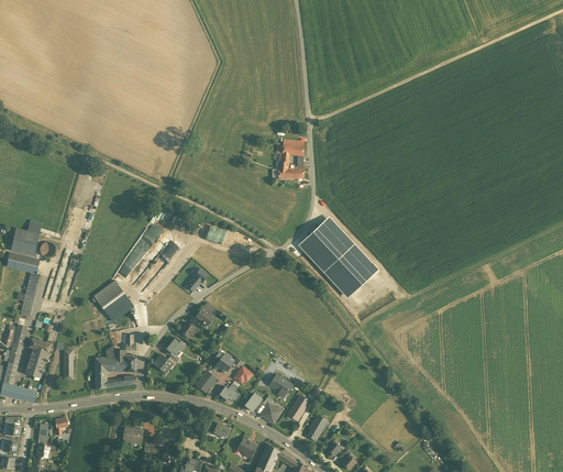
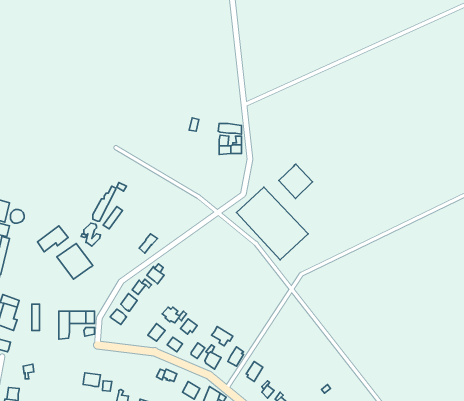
building: none -> [279,164,312,198]
building: none -> [37,226,68,252]

